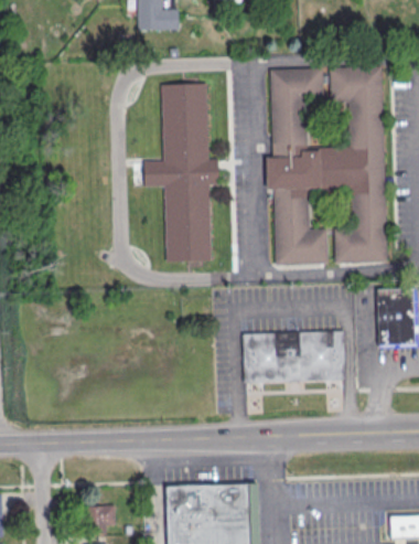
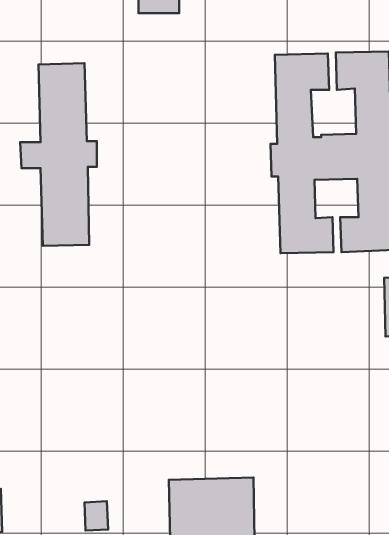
building: [143,83,218,262] -> [20,63,97,246]
building: [243,330,344,381] -> none

